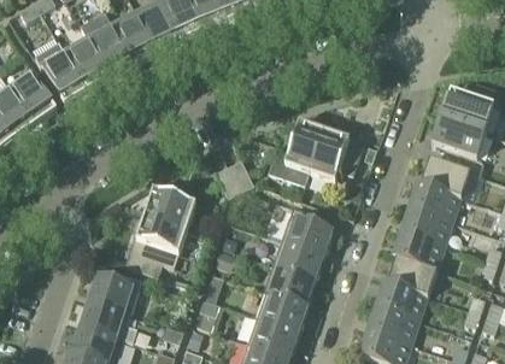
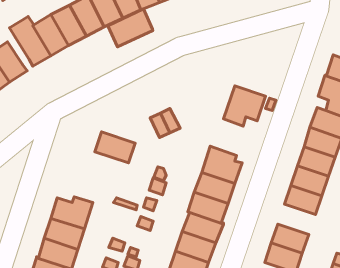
building: none -> [108,9,153,47]
building: [269,119,324,182] -> none
building: [128,212,188,274] -> none
building: [380,280,428,318] -> none

